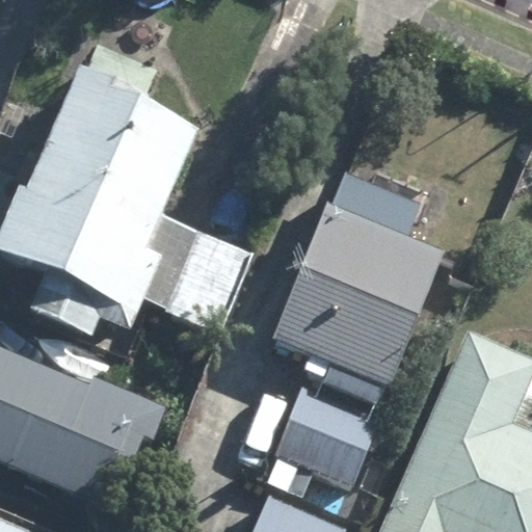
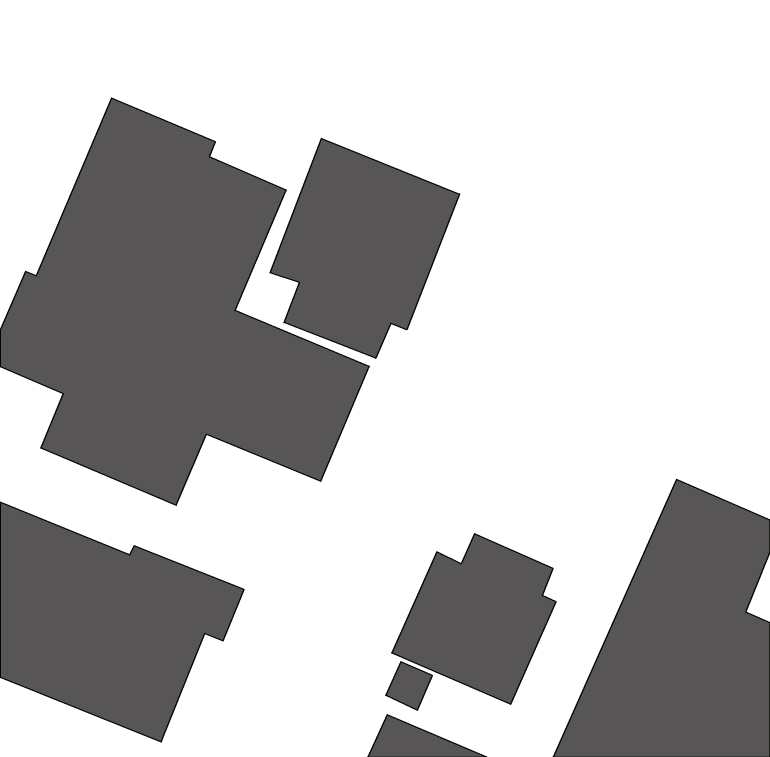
building: none -> [270,138,460,358]
building: [267,178,442,388] -> none

